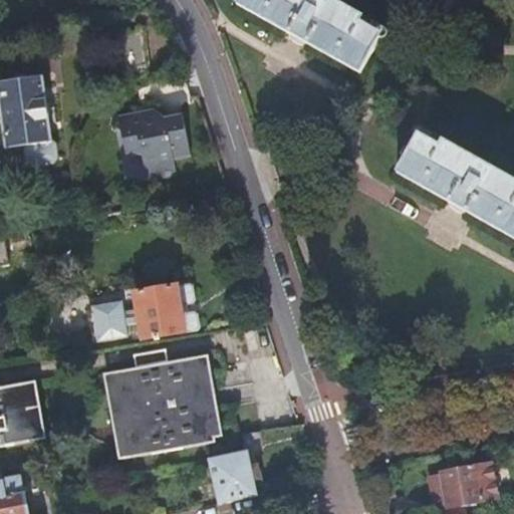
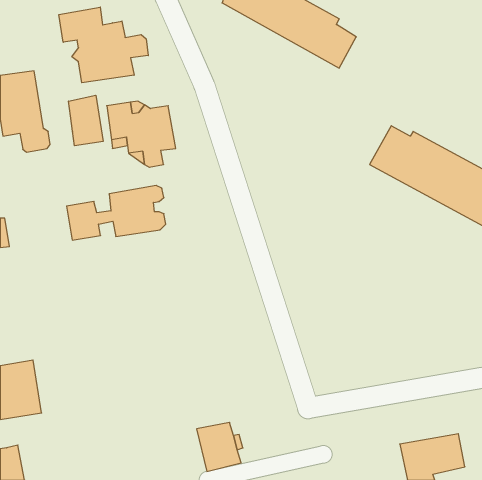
building: none -> [59,7,148,83]
building: none -> [69,95,103,146]
building: [90,282,196,340] -> [67,185,166,240]
building: [108,352,216,456] -> none

